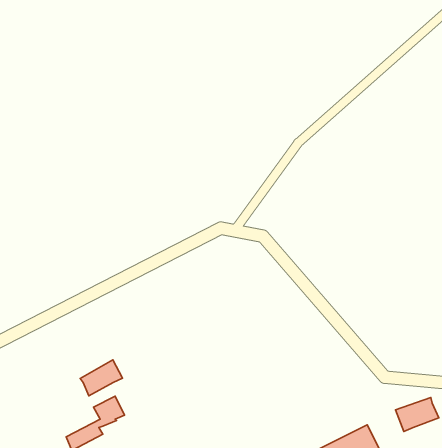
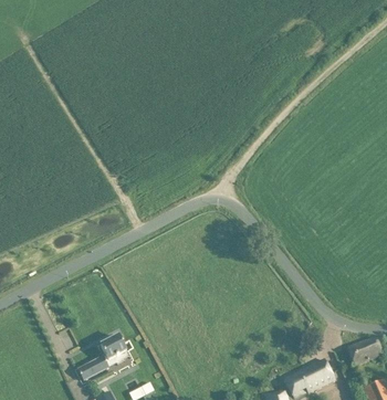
building: [80,360,123,396] -> none

